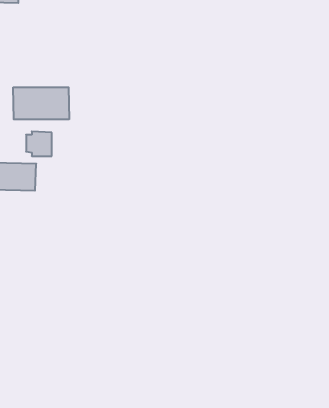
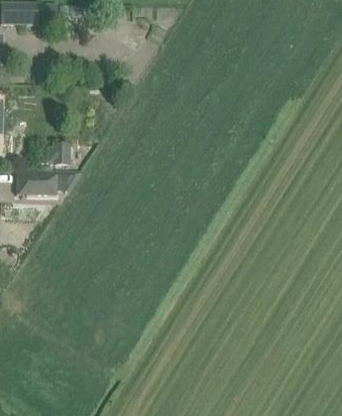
building: [13,87,69,119] -> none

